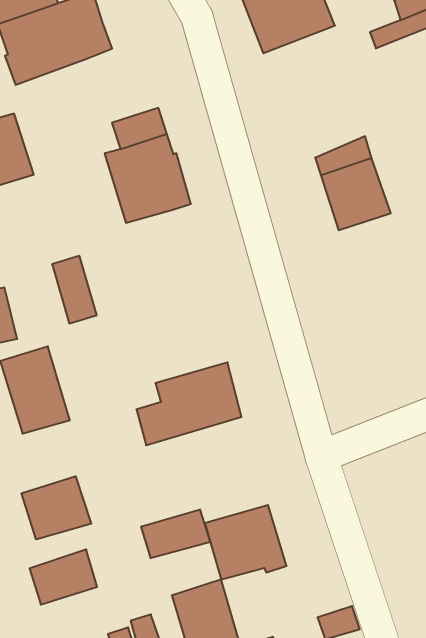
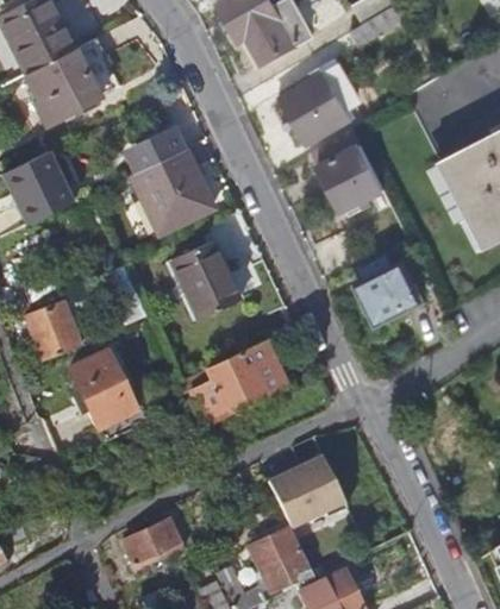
building: none -> [283,71,354,145]
building: none -> [171,241,239,319]
building: none -> [360,251,427,326]
building: [22,476,91,539] -> none
building: [141,509,210,558] -> none

